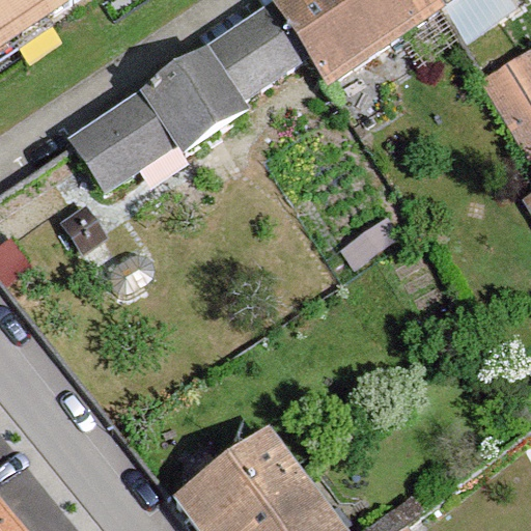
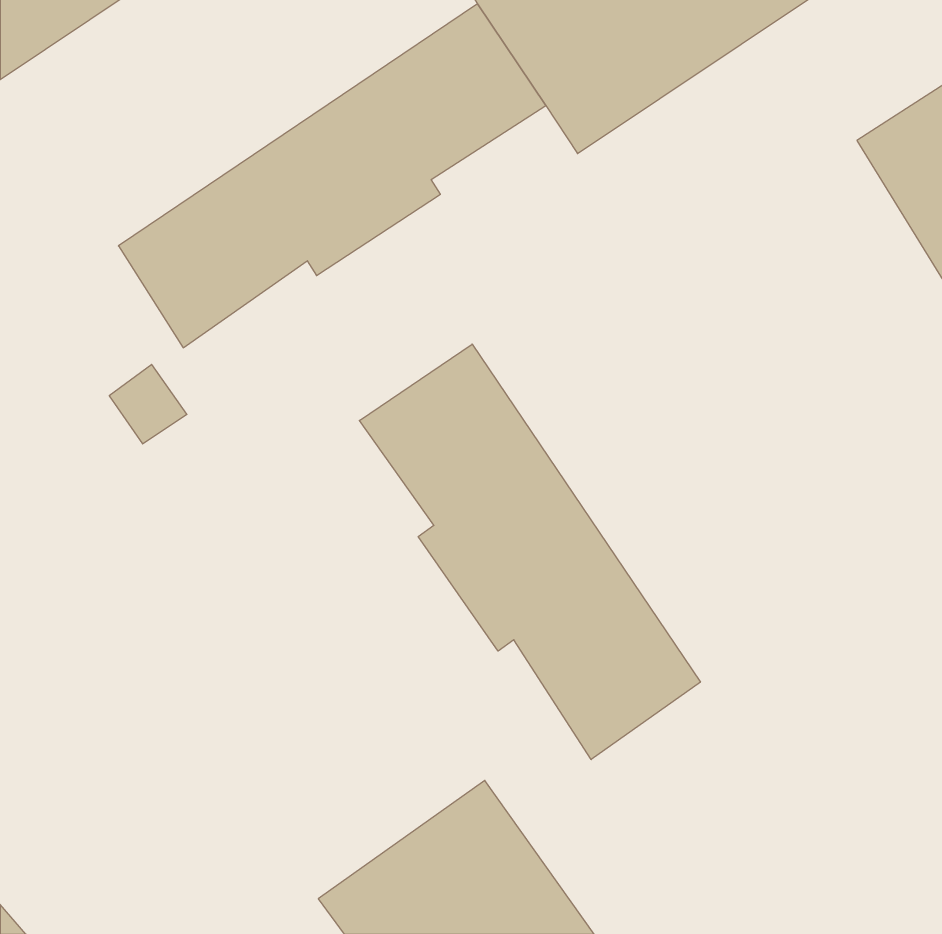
building: none -> [359,344,700,760]

